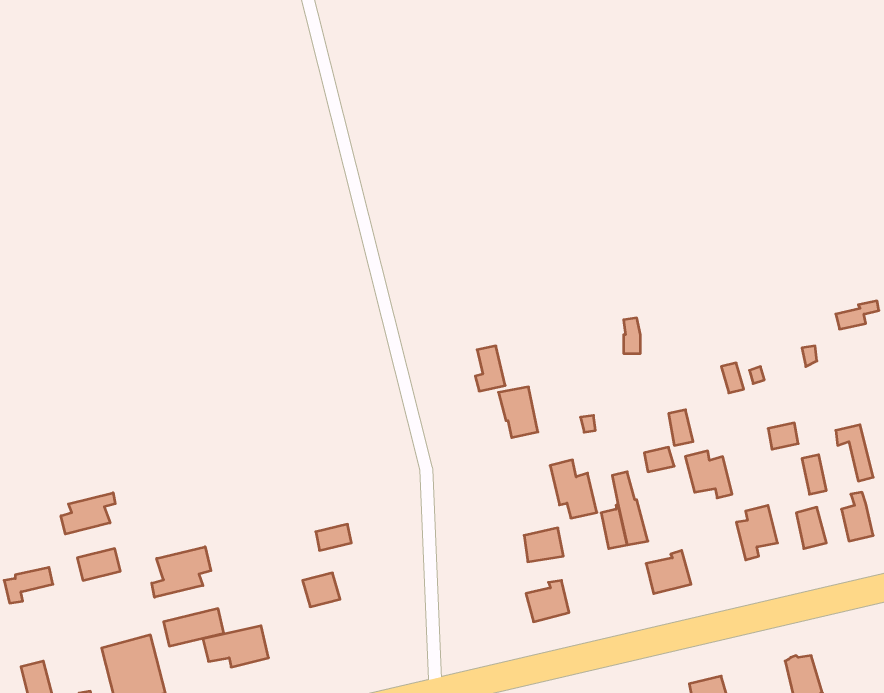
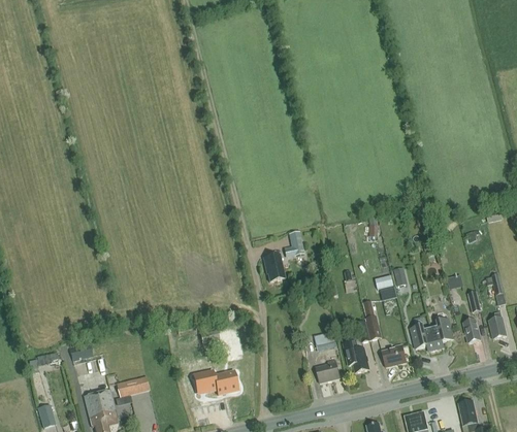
building: [498,387,538,438] -> [263,254,285,281]
building: [685,451,732,498] -> [411,325,437,351]
building: [550,460,597,518] -> [344,340,369,372]
building: [61,493,115,534] -> none
building: [152,547,211,597] -> none
building: [203,626,269,667] -> [202,371,238,394]

